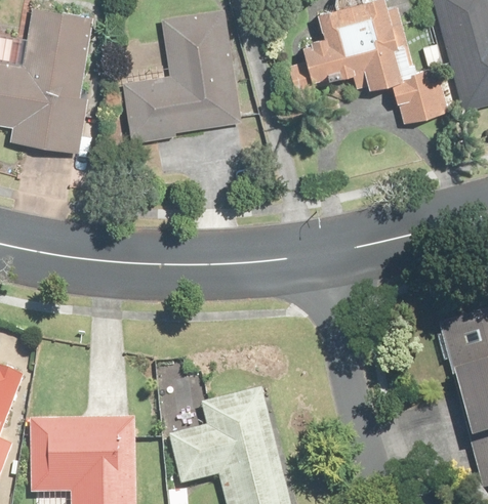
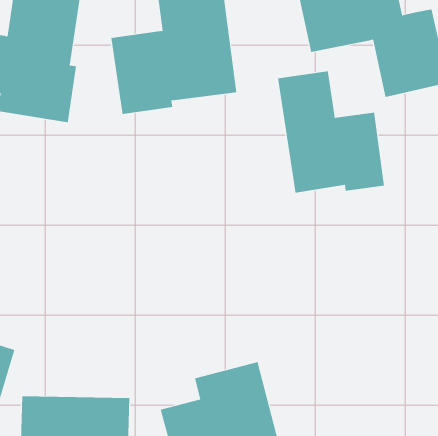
building: none -> [278,71,385,193]

